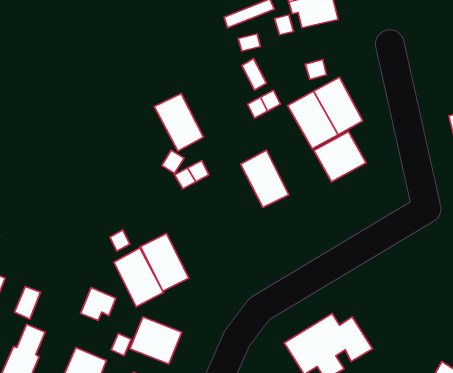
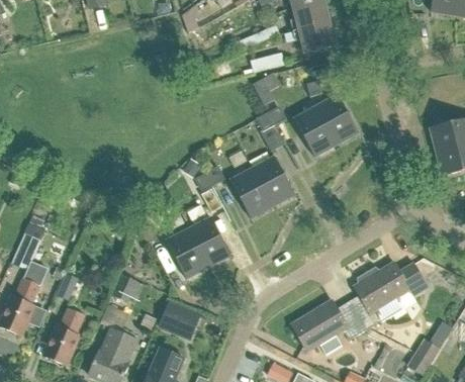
building: [154,94,204,151] -> [228,169,271,218]
building: [314,131,366,182] -> none
building: [114,248,163,307] -> [188,216,230,267]
building: none -> [348,260,428,327]

